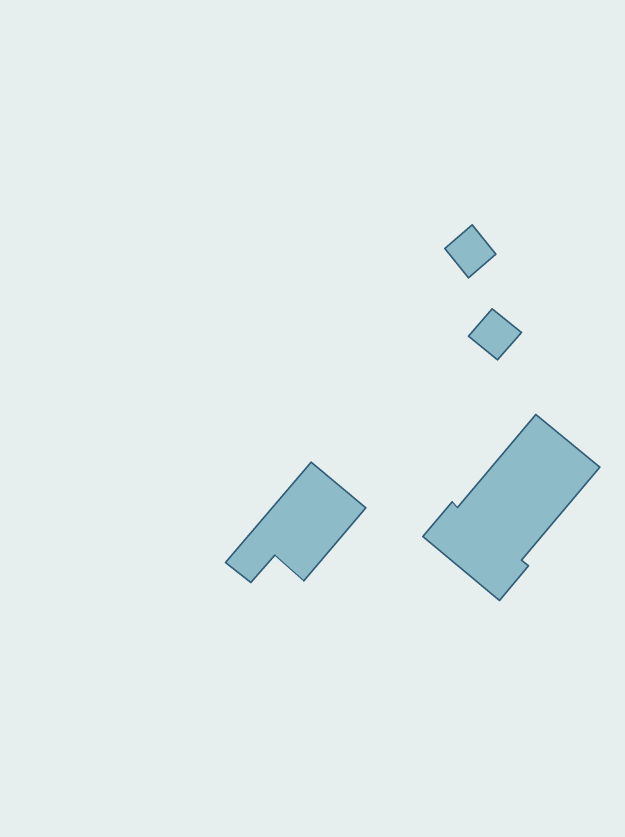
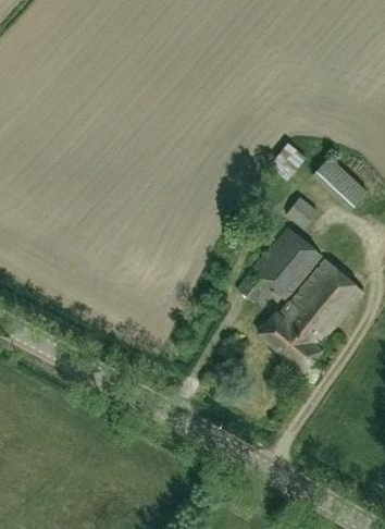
building: none -> [315,160,368,210]
building: [225,462,366,583] -> [238,226,322,298]

